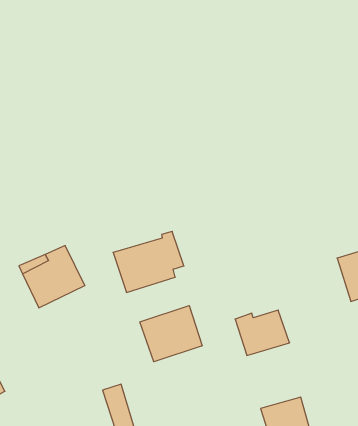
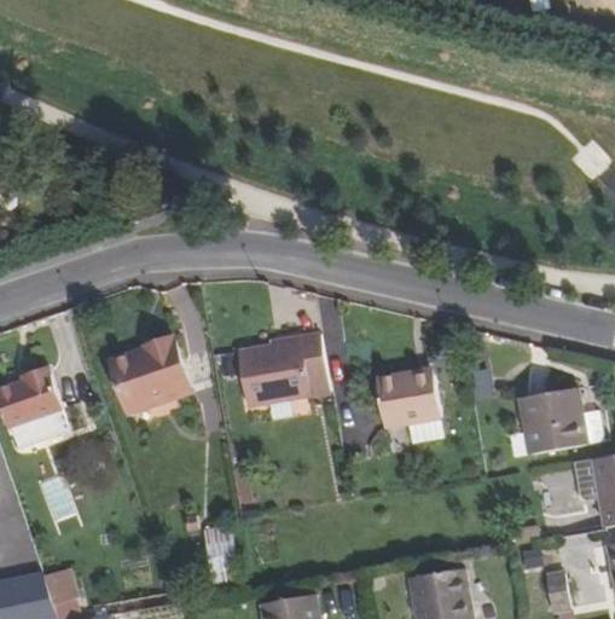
building: [140,306,202,362] -> none
building: [235,310,290,355] -> [381,371,448,426]

